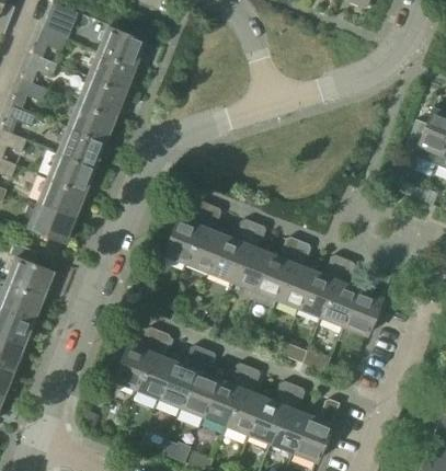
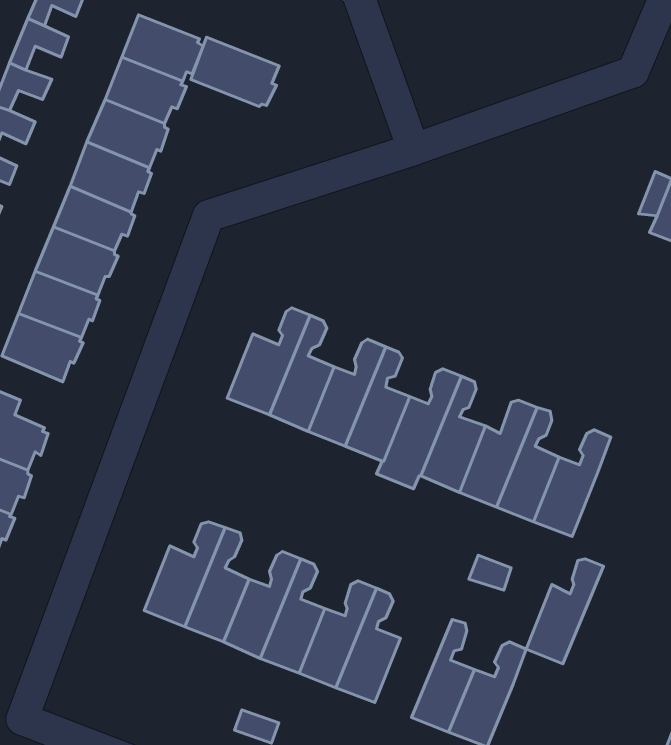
building: none -> [191,37,279,107]
building: [249,381,295,444] -> [526,559,604,664]

